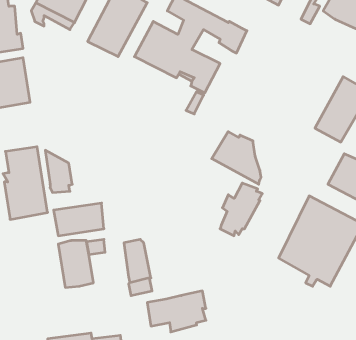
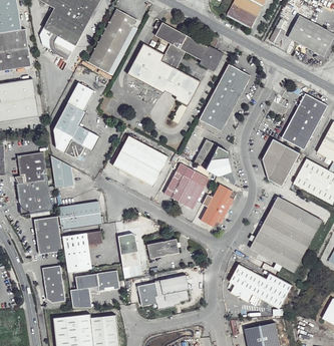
building: none -> [198,64,250,130]
building: none -> [53,80,99,155]
building: none -> [112,134,169,186]
building: none -> [261,139,299,188]
building: none -> [164,163,209,208]
building: none -> [32,216,61,254]
building: none -> [146,239,179,260]
building: none -> [41,265,64,302]
building: none -> [229,265,292,309]
building: none -> [69,269,119,309]

